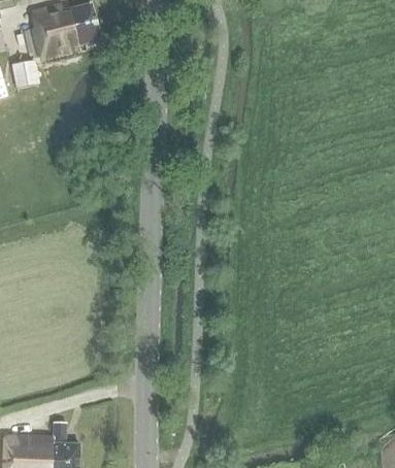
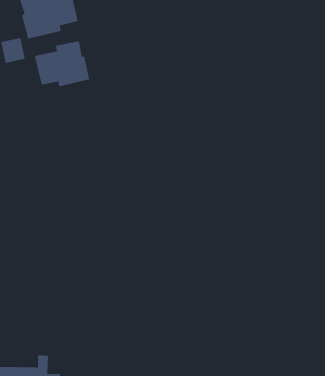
building: none -> [34,41,90,87]

